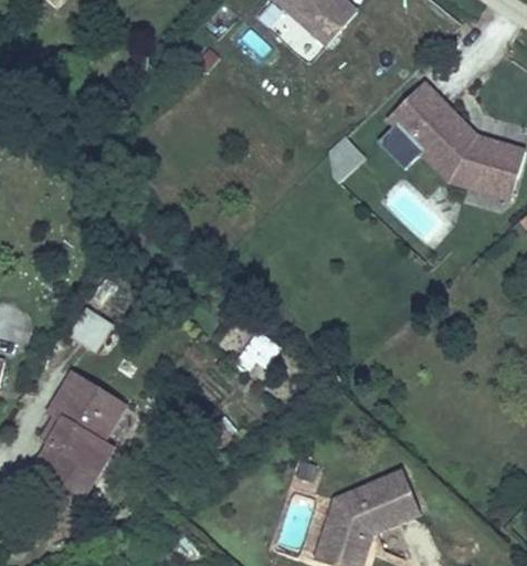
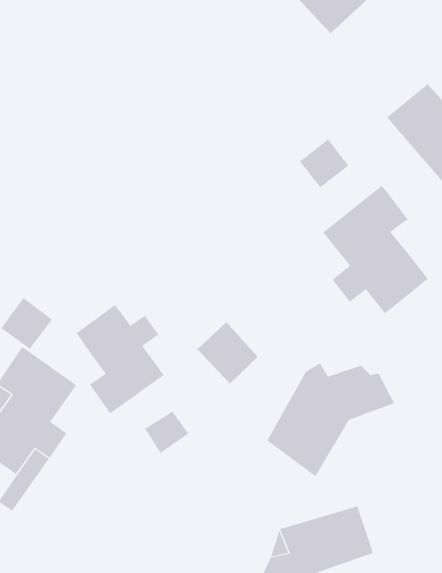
building: none -> [322,185,428,314]
building: none -> [76,304,164,414]
building: none -> [267,362,395,477]

